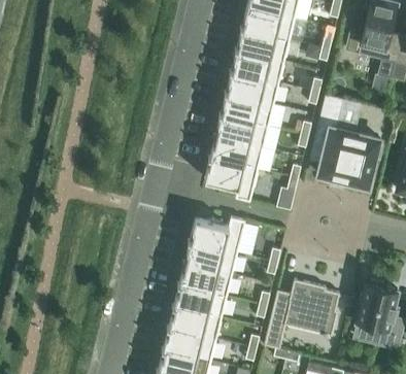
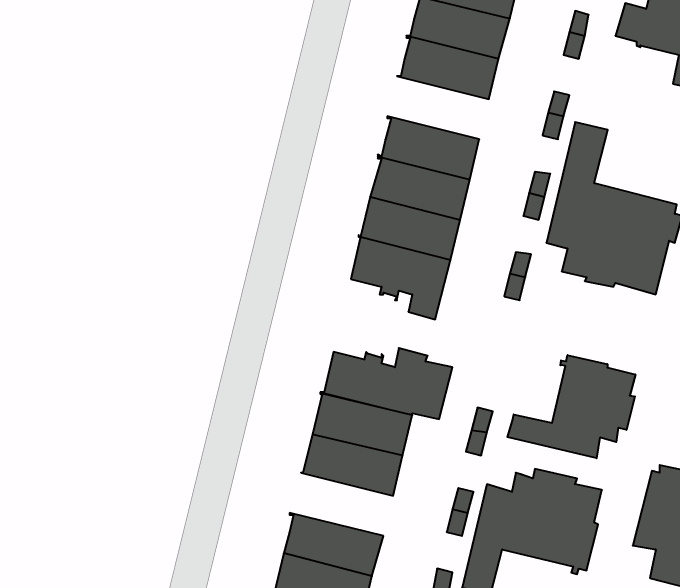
building: [224,71,278,105] -> none
building: none -> [507,355,635,458]
building: [171,284,227,318] -> none

